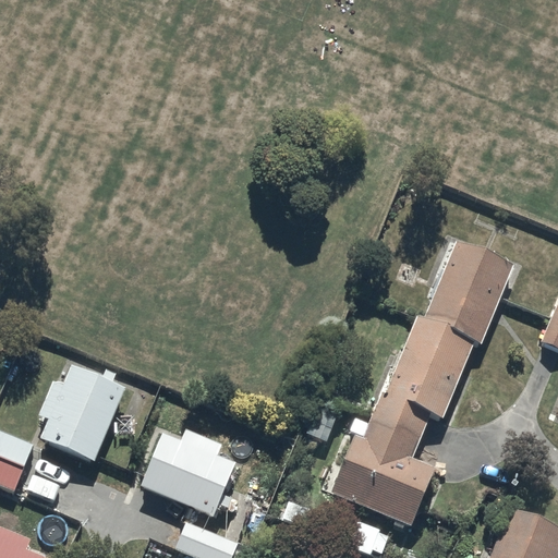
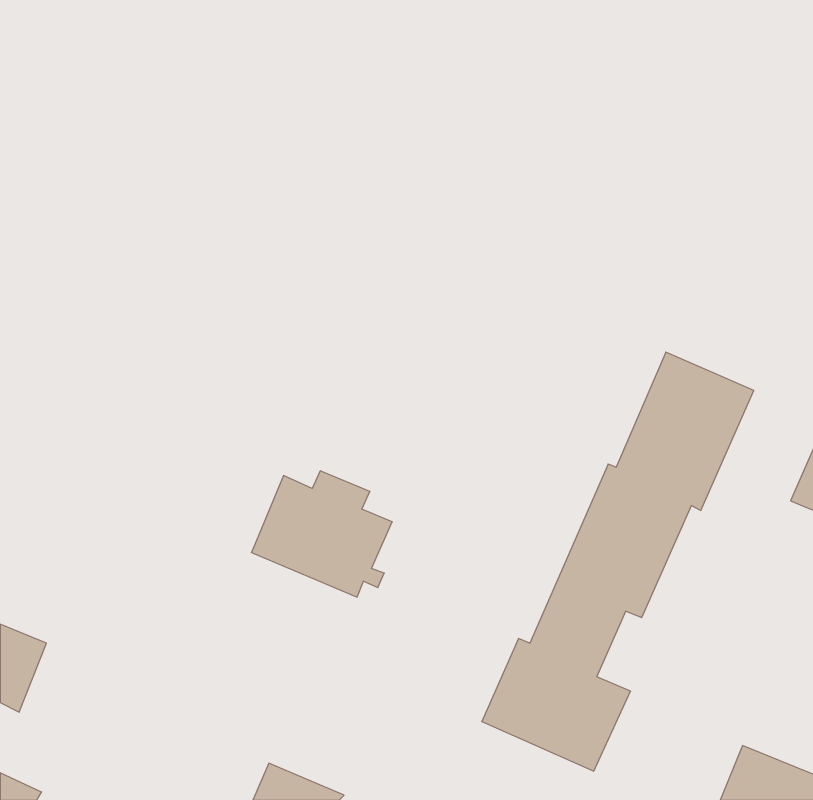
building: [38,368,126,463] -> none
building: [141,429,236,515] -> [251,471,392,597]

